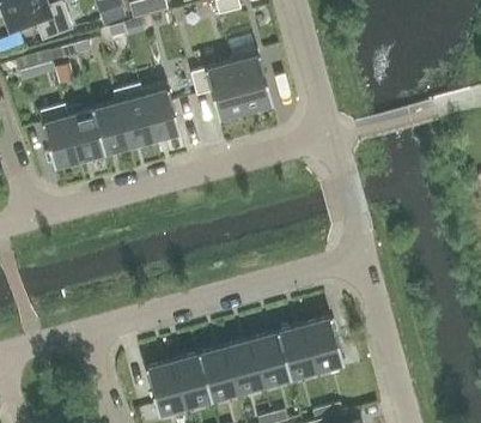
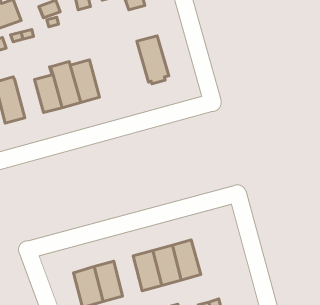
building: [190,62,245,120] -> none
building: [66,105,104,161] -> none
building: [303,318,343,371] -> none
building: [199,346,237,400] -> none

